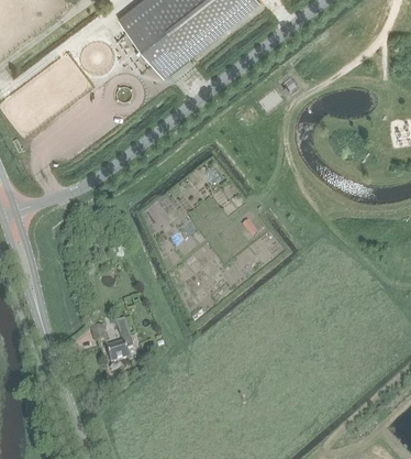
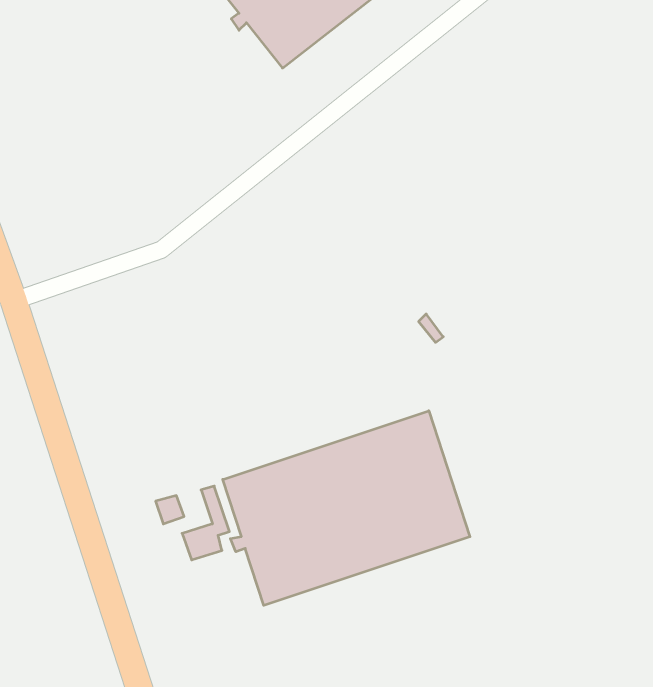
building: none -> [223,411,470,605]

